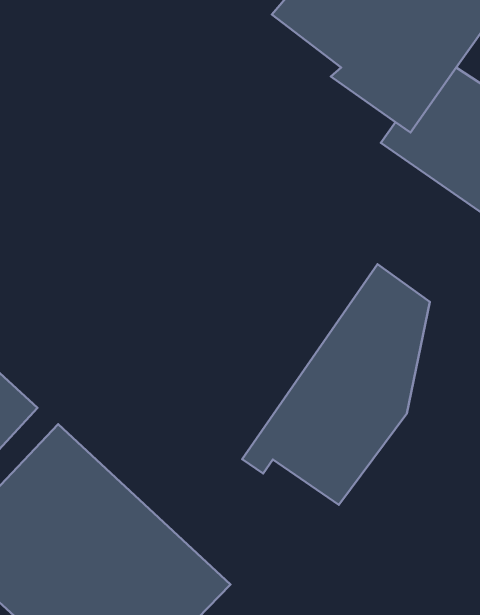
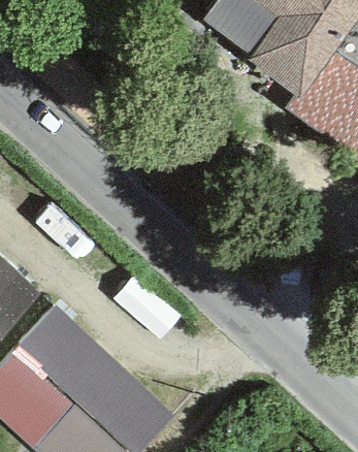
building: [242,264,430,505] -> none

